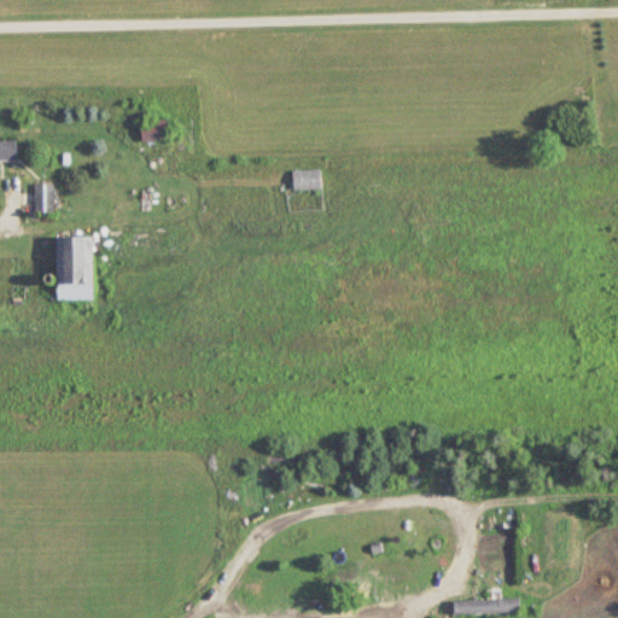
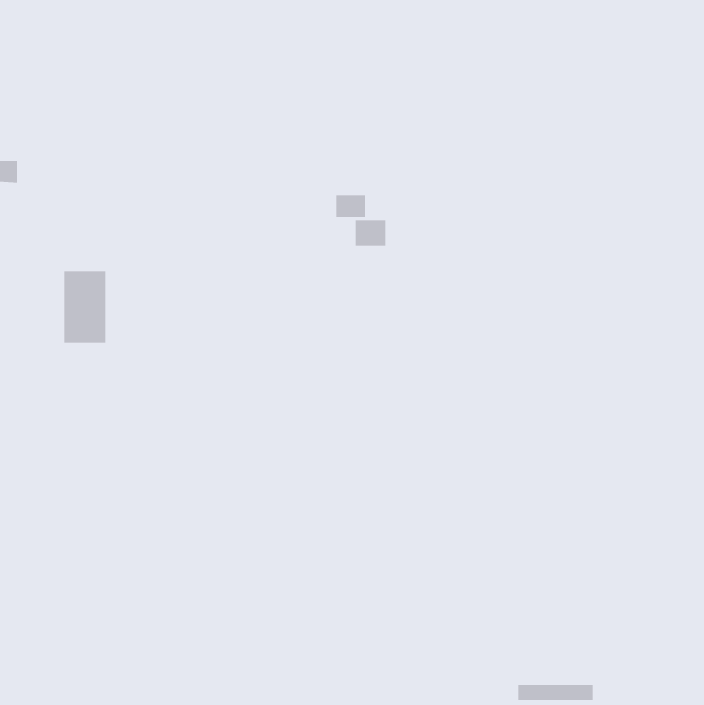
building: [35,183,54,214] -> none
building: none -> [355,220,386,246]

